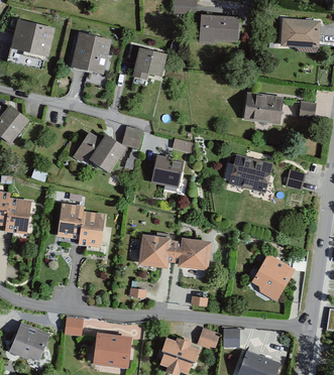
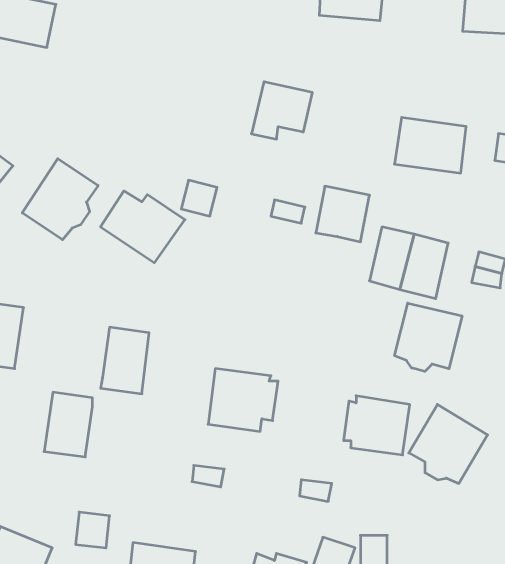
building: [74,35,111,73] -> none
building: [133,46,168,79] -> [251,82,312,139]
building: none -> [22,159,98,240]
building: [153,157,184,189] -> [316,186,370,242]
building: none -> [395,303,462,371]
building: [55,203,83,239] -> [44,392,92,457]
building: [175,238,212,271] -> [344,396,410,455]

